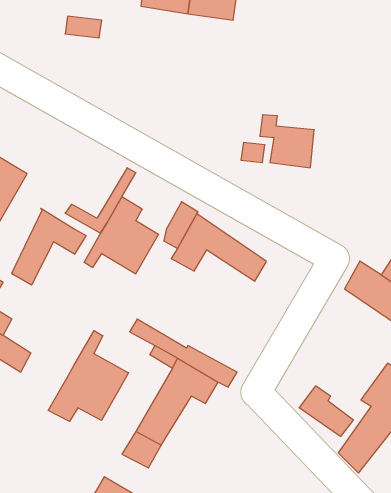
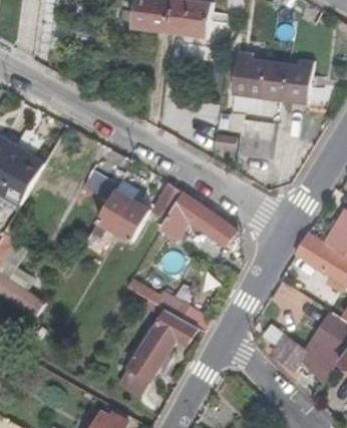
building: none -> [235,54,315,107]
building: [12,208,86,285] -> none
building: [48,331,129,421] -> none

